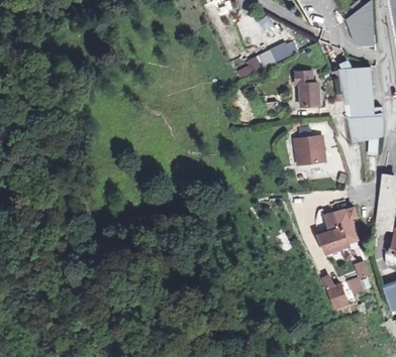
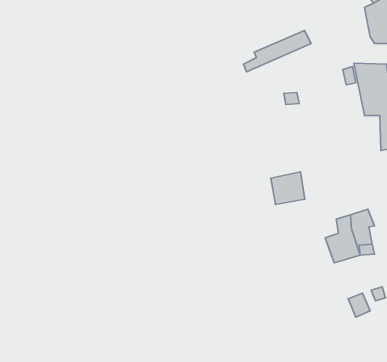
building: [293,70,317,105] -> none
building: [295,133,326,163] -> [271,172,305,204]

